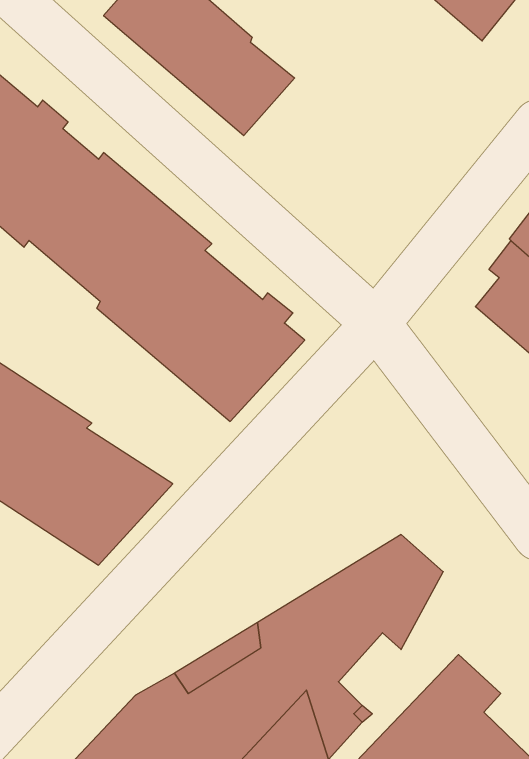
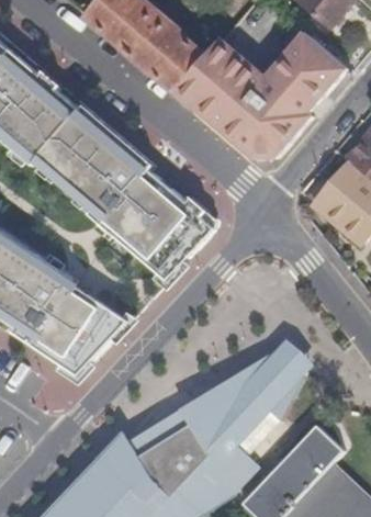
building: none -> [173,33,345,157]

